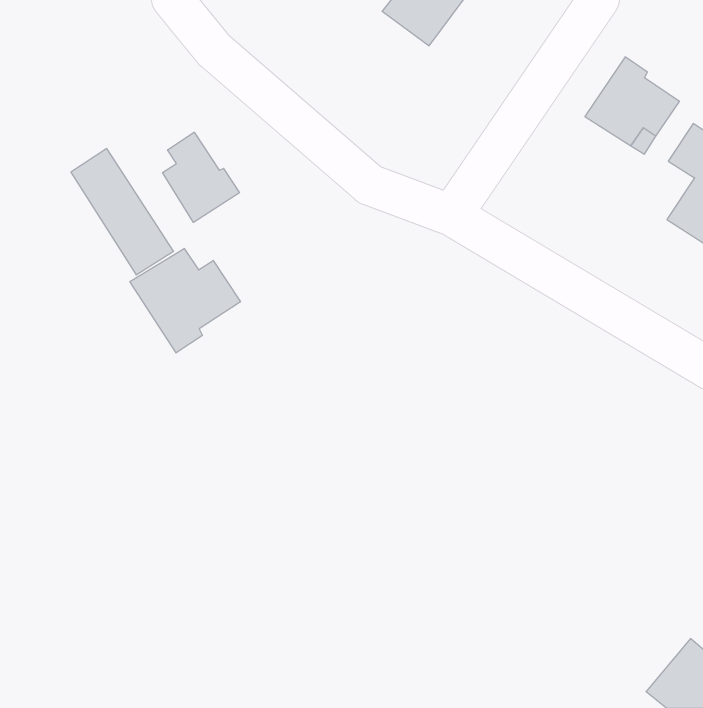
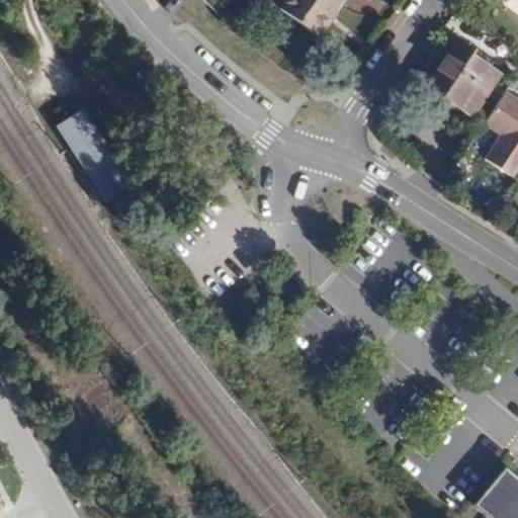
building: [163,132,239,222] -> none
building: [130,248,240,353] -> none

